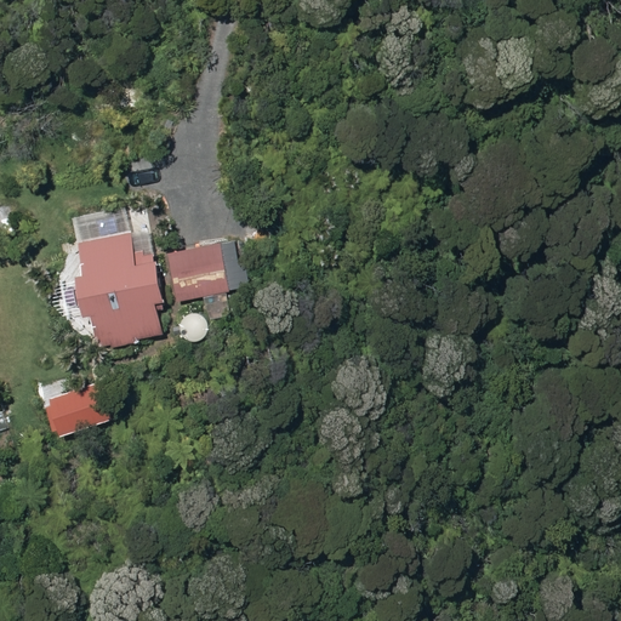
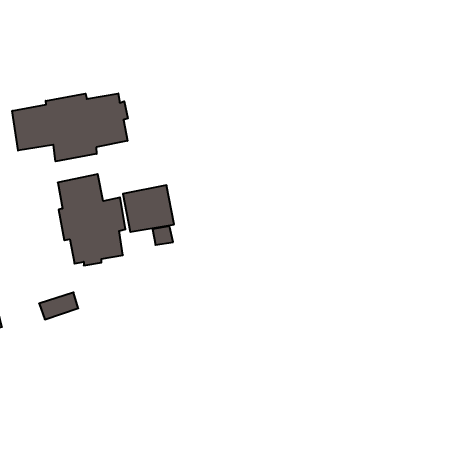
building: none -> [12,93,128,161]

